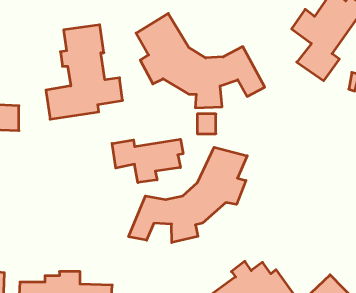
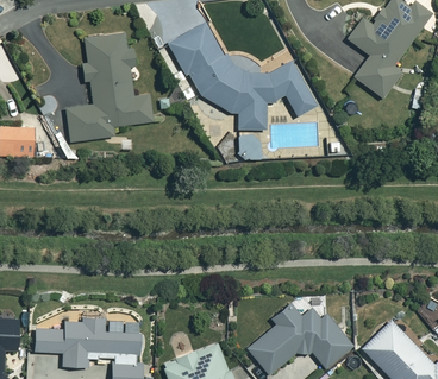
building: [112,139,183,183] -> none
building: [129,147,247,243] -> none

